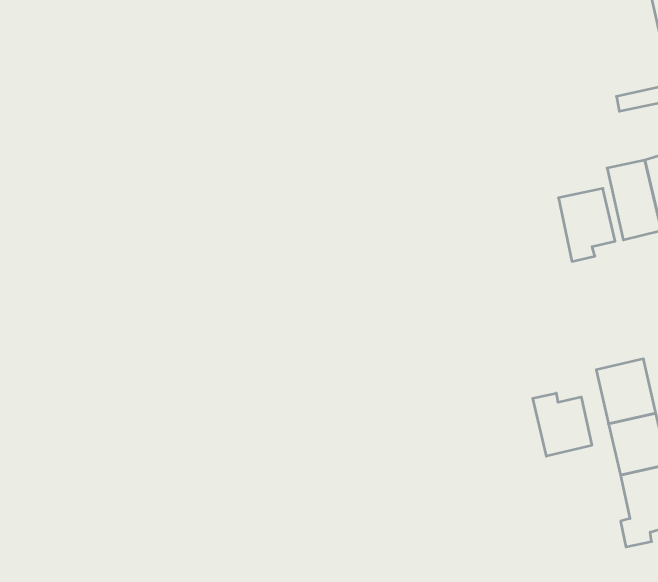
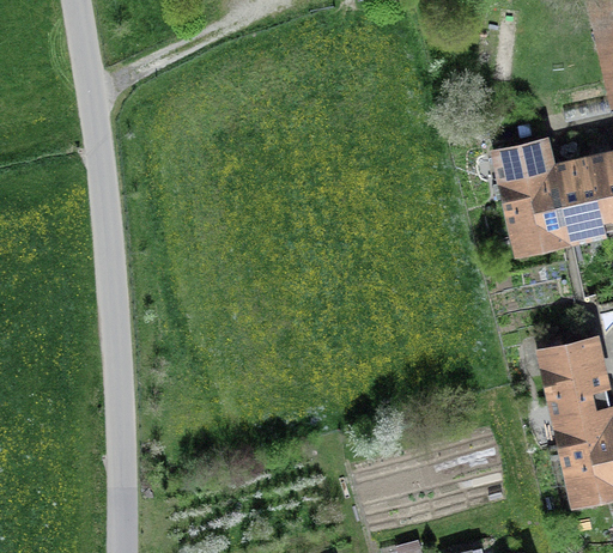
building: none -> [499,140,552,198]
building: [533,393,592,456] -> none

